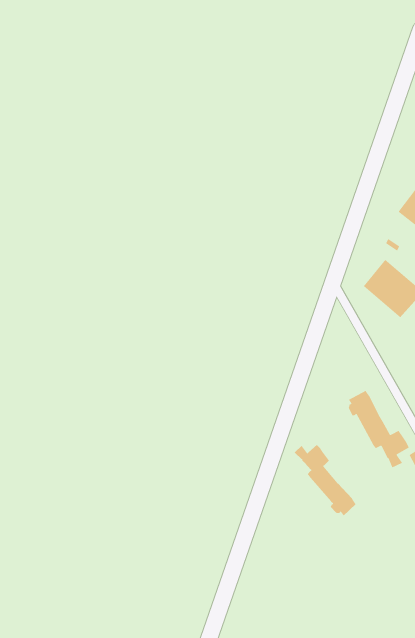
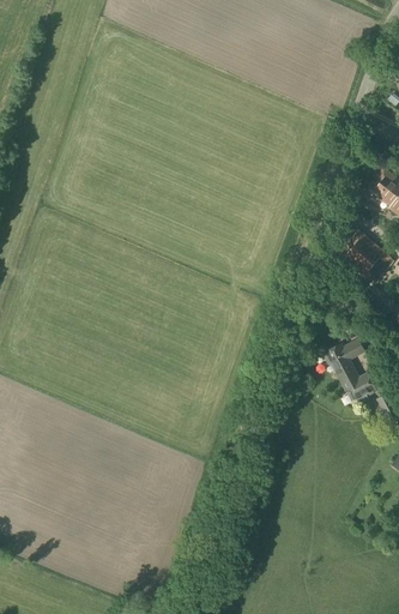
building: [294,444,357,516] -> none

